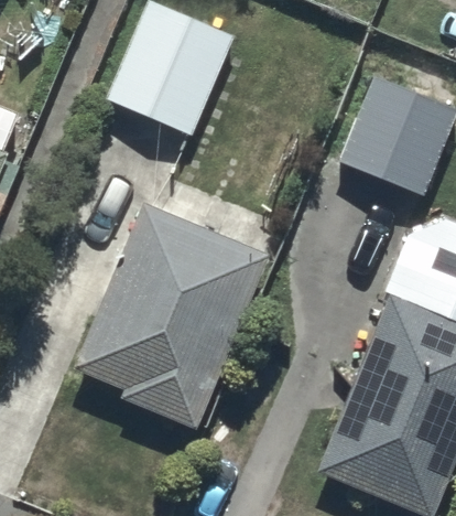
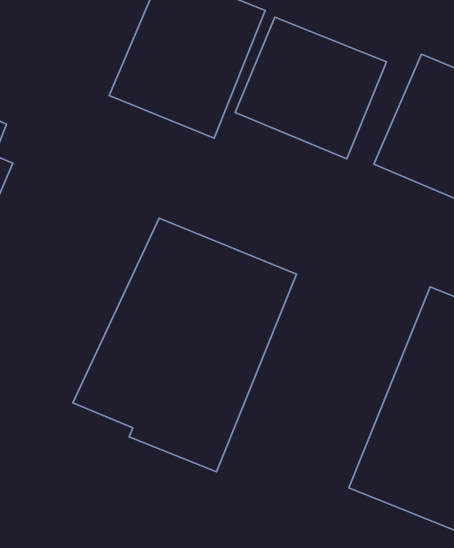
building: none -> [235,17,387,159]

